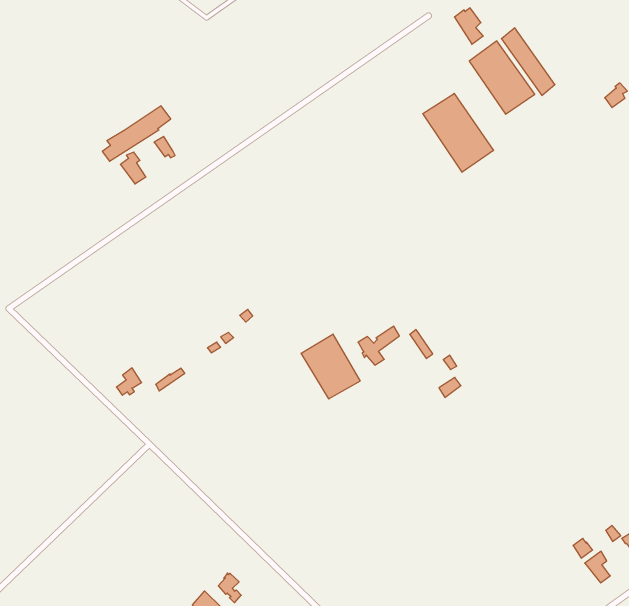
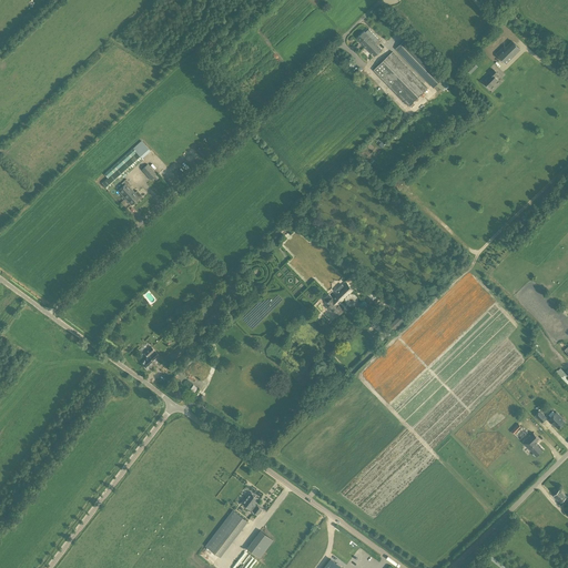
building: [423,93,494,172] -> none
building: [301,334,360,399] -> none

